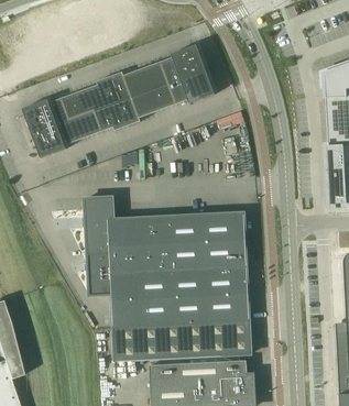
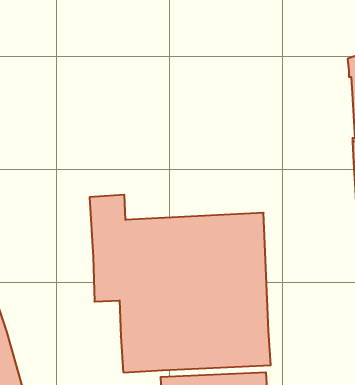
building: [23,43,216,157] -> none

